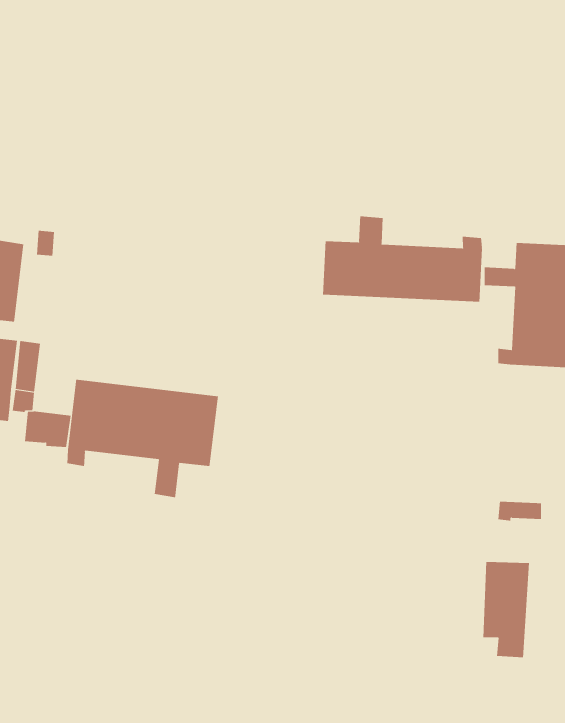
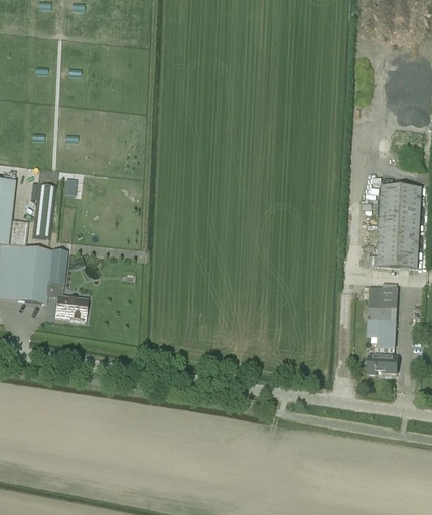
building: [322,215,482,303] -> none
building: [67,379,218,498] -> none
building: [482,561,530,658] -> [367,285,398,348]

